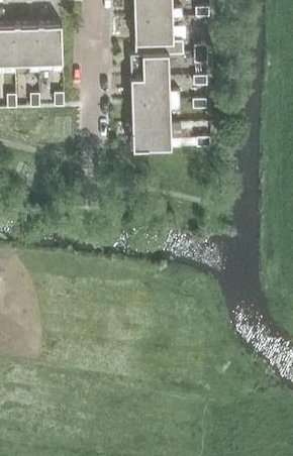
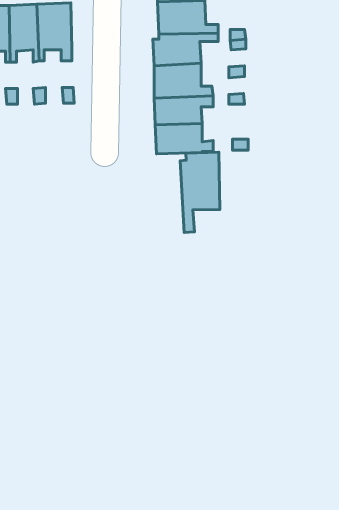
building: none -> [180,152,220,232]

